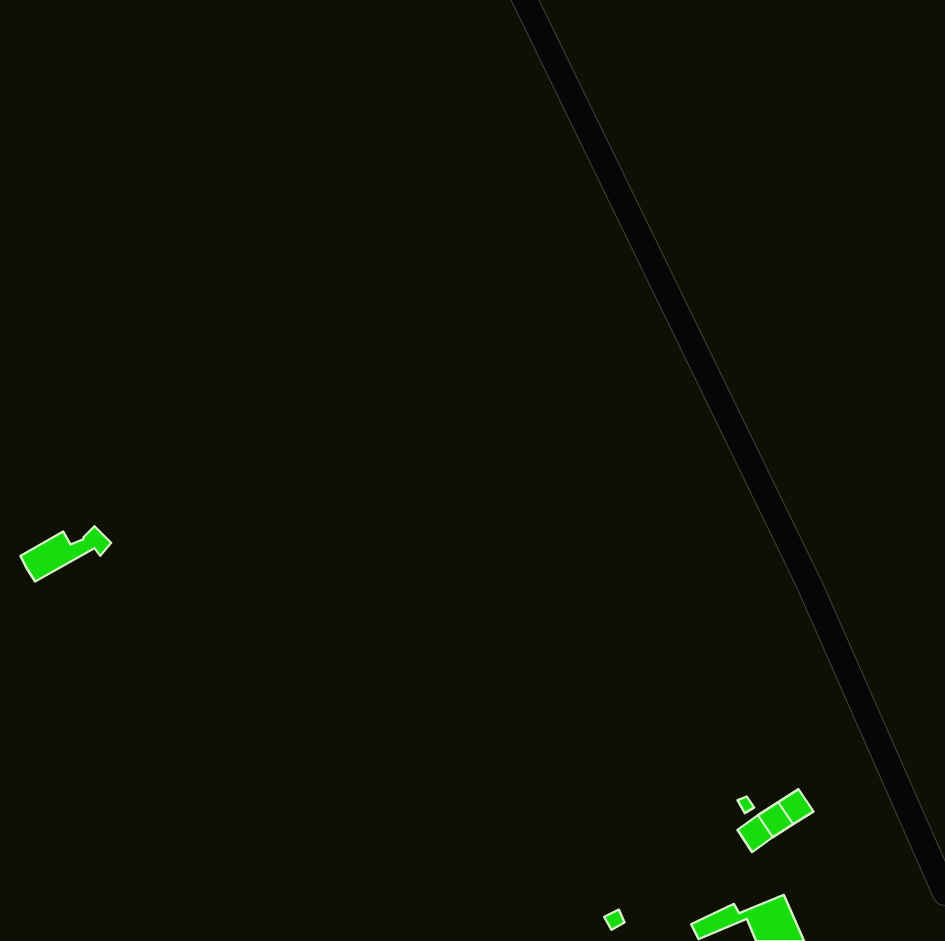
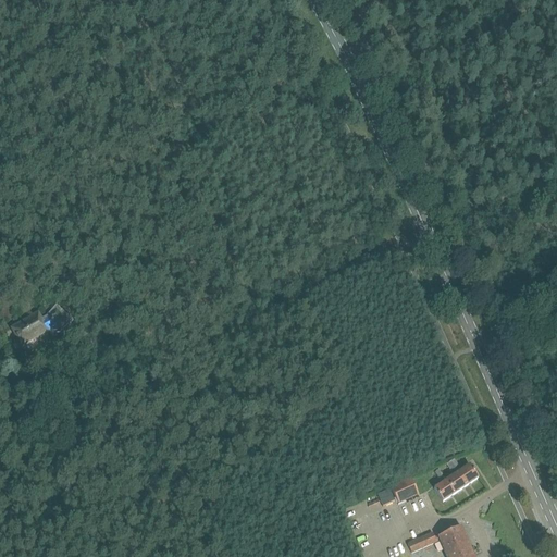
building: none -> [389,476,418,503]

